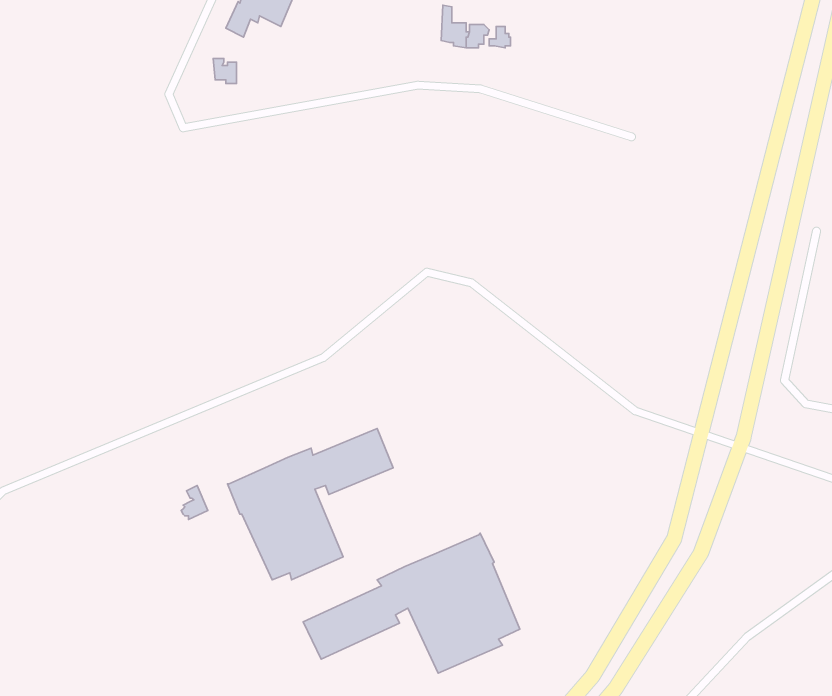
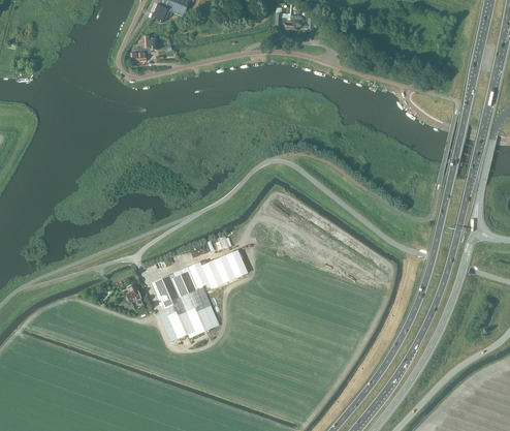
building: [303,533,520,673] -> none

